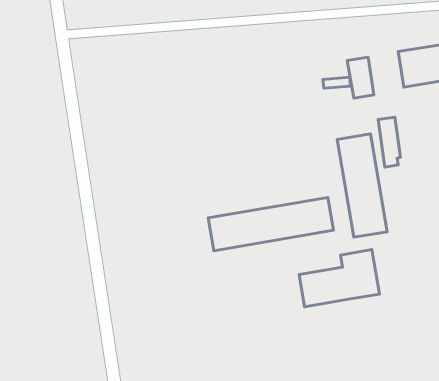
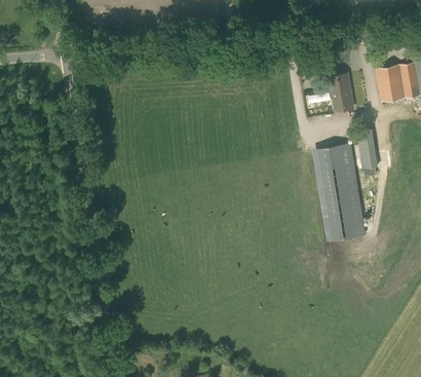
building: [208,197,334,251] -> none
building: [299,250,380,307] -> none

